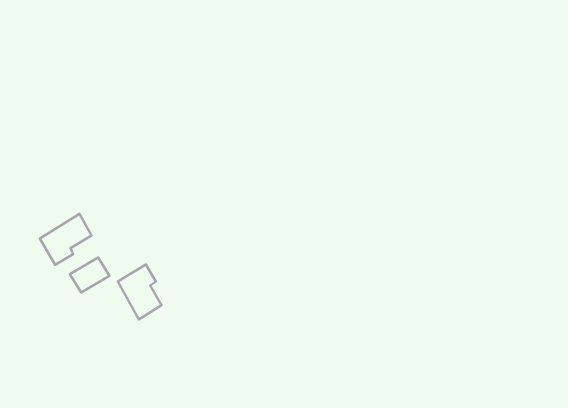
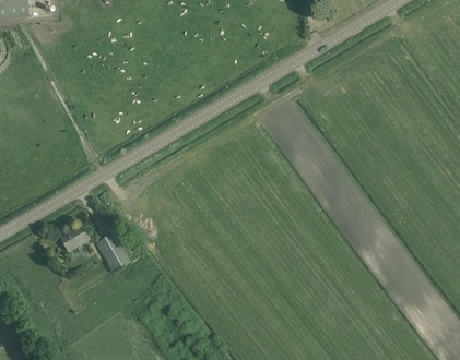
building: [40,214,91,265] -> none

